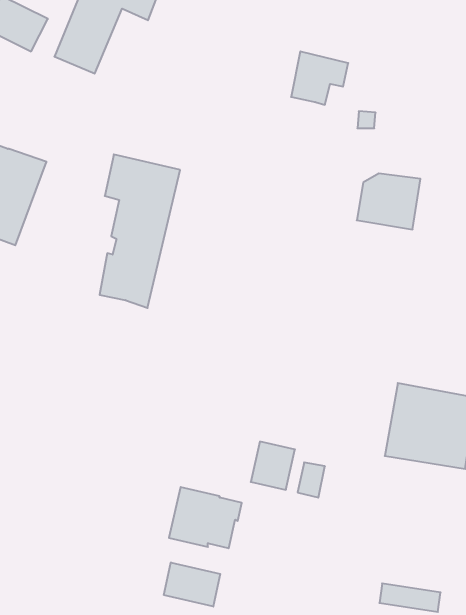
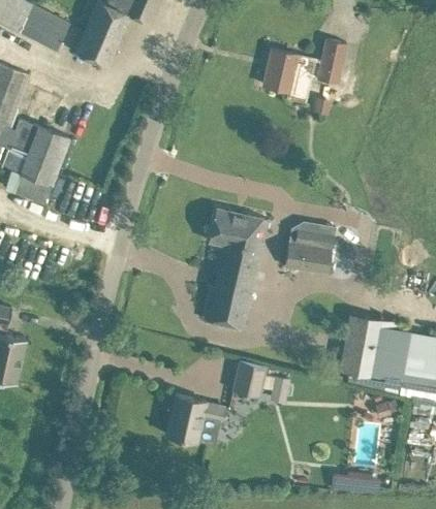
building: none -> [317,39,347,85]
building: [100,154,180,308] -> [205,209,269,330]
building: [357,173,420,229] -> [284,230,335,275]
building: [164,562,220,607] -> none

